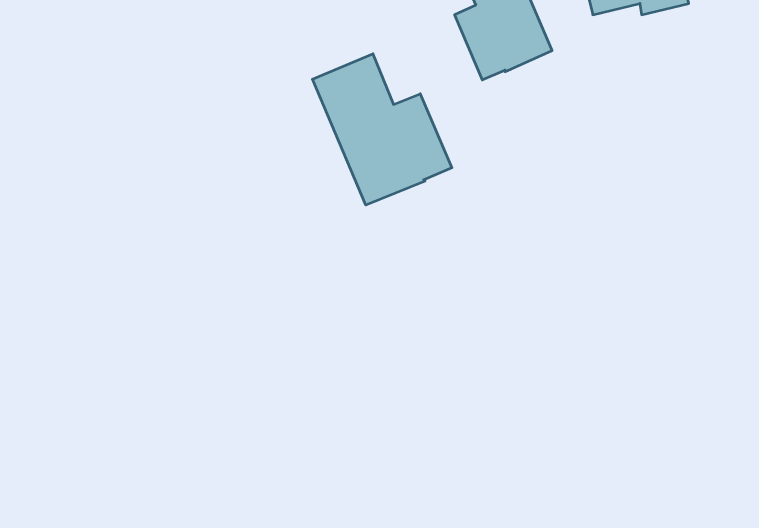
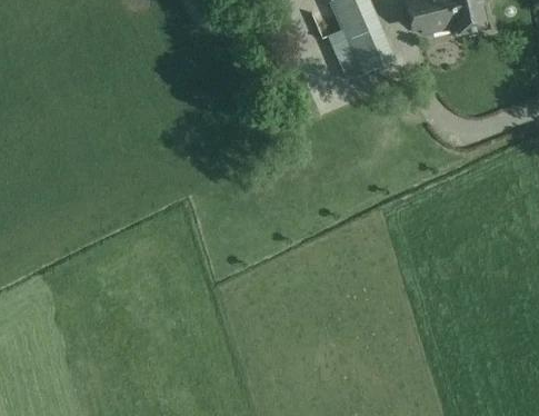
building: [312,54,452,205] -> none

